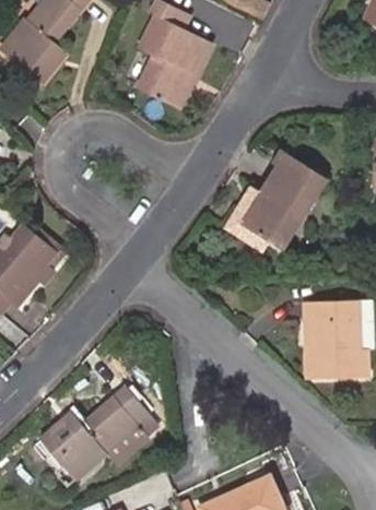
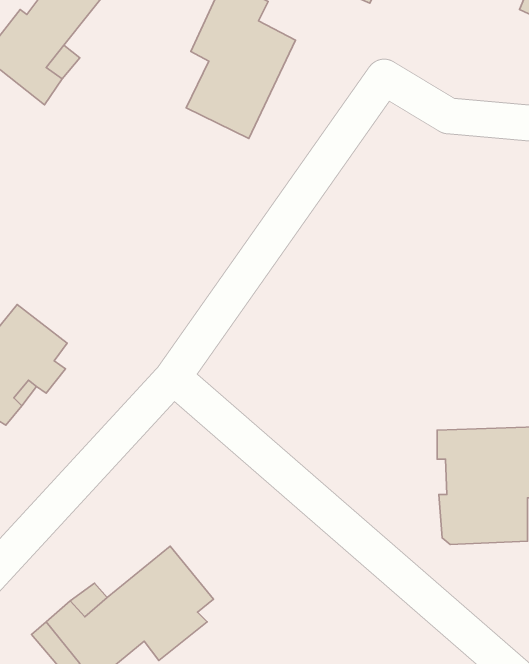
building: [242,151,322,247] -> none

